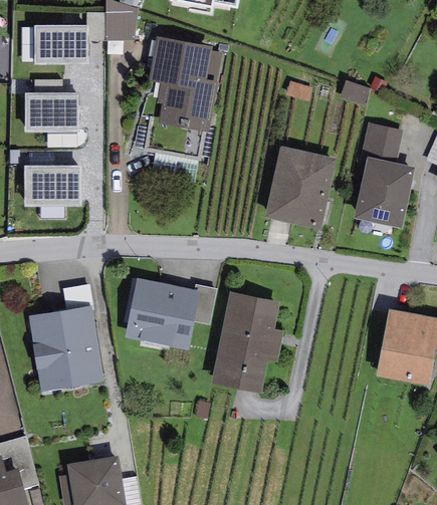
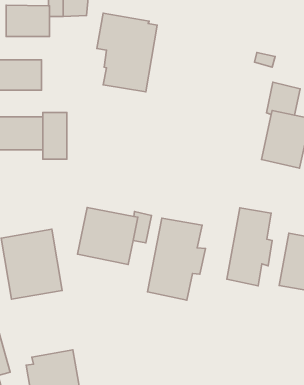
building: [265,147,336,229] -> none
building: none -> [43,113,67,159]
building: none -> [227,208,272,286]

